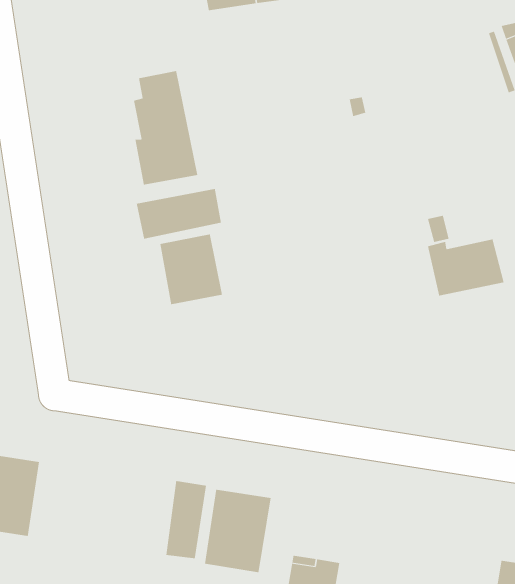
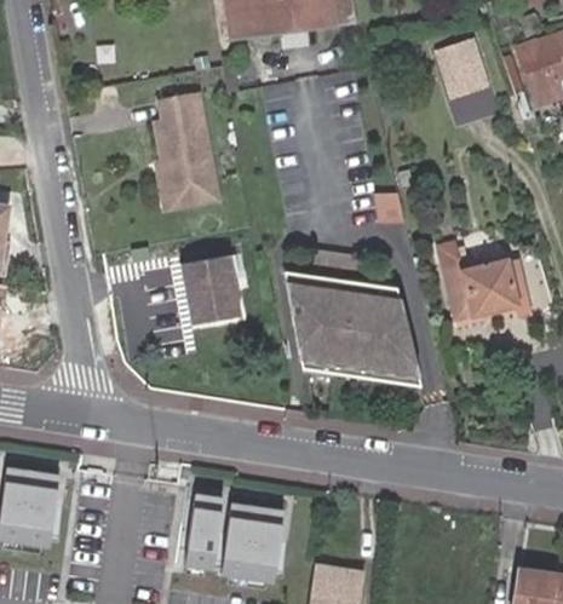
building: none -> [438,50,488,107]
building: [136,188,221,239] -> none
building: none -> [286,271,424,385]

